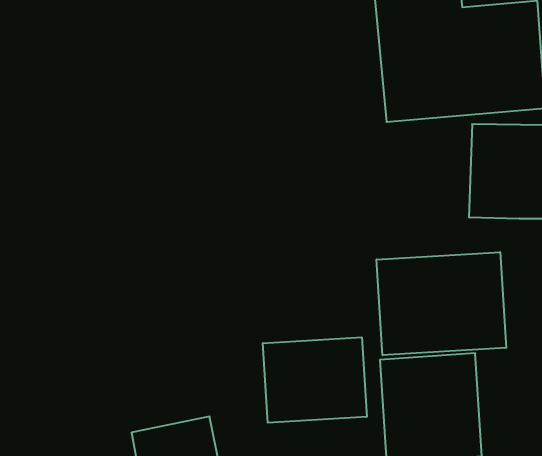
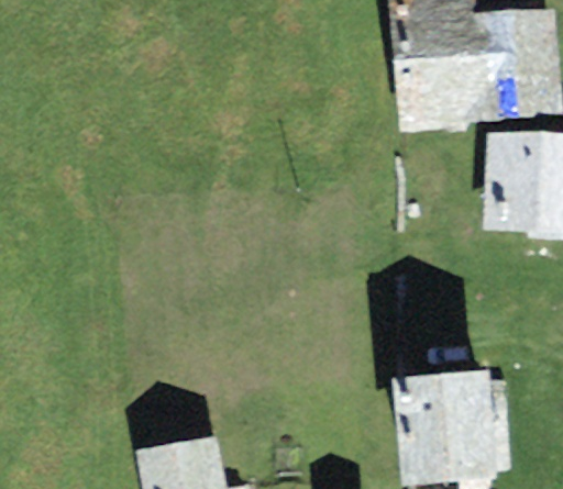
building: [377,252,506,355] -> none
building: [263,337,367,423] -> none

